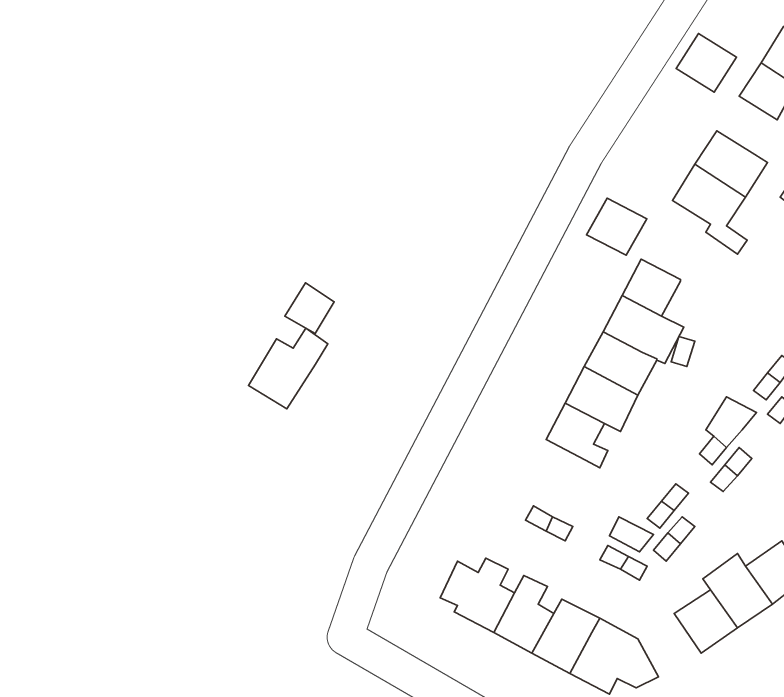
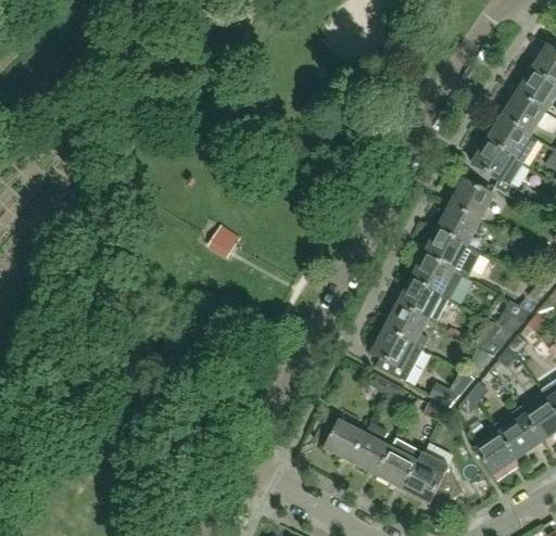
building: [676,34,736,92] -> [503,93,544,133]
building: [587,198,647,255] -> [451,180,492,219]
building: [249,328,328,409] -> none
building: none -> [372,329,422,382]

